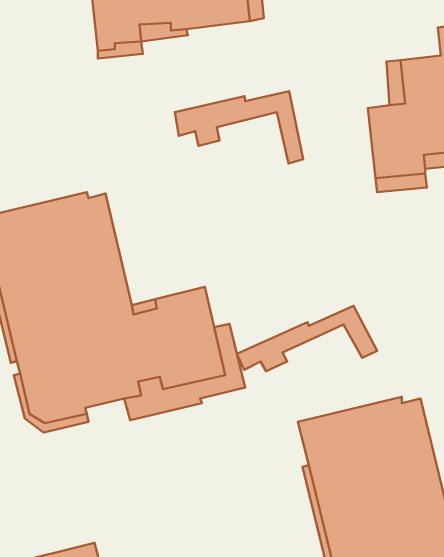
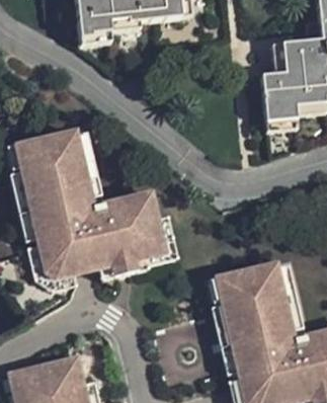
building: [175,91,303,163] -> none
building: [237,306,377,371] -> none

